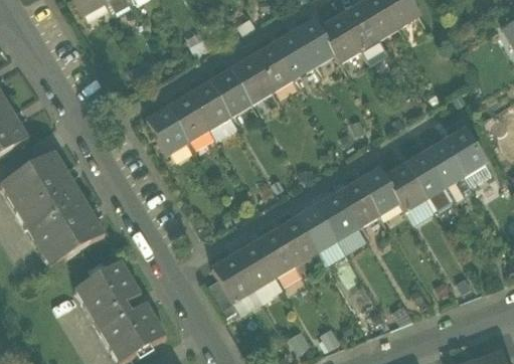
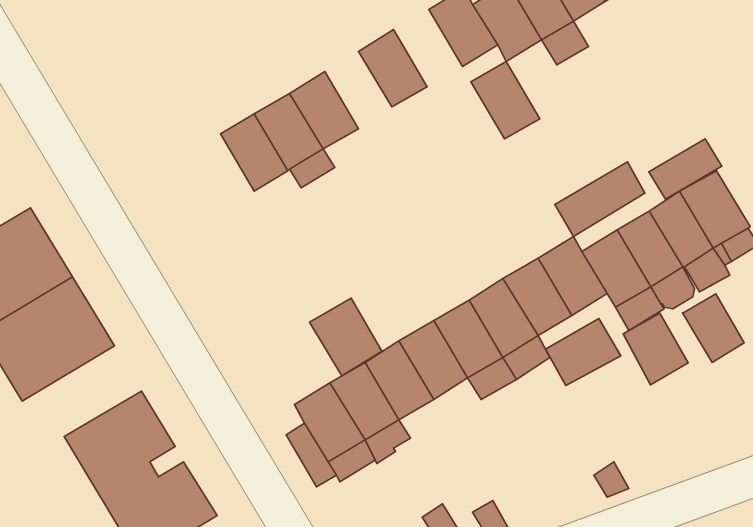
building: [272,31,313,77] -> [471,62,540,139]
building: [230,56,271,103] -> none
building: [147,106,188,152] -> none
building: none -> [649,139,722,199]
building: none -> [555,162,645,236]
building: none -> [682,294,744,362]
building: none -> [310,298,382,376]
building: none -> [623,313,688,385]
building: none -> [545,318,621,385]

